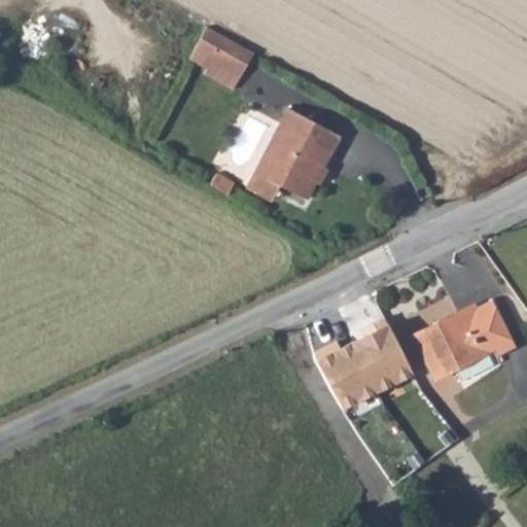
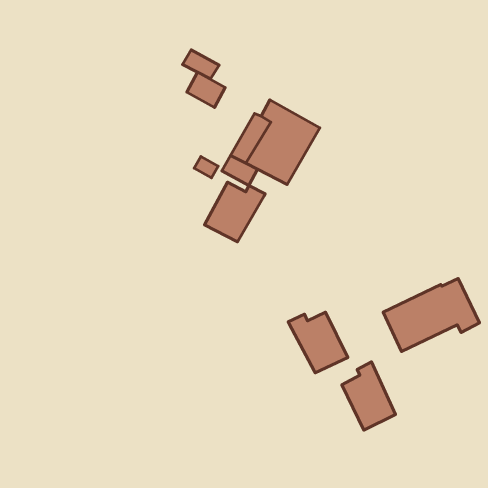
building: [208,35,249,73] -> [187,72,225,108]
building: none -> [205,182,265,242]
building: [352,313,410,386] -> [342,362,396,430]

